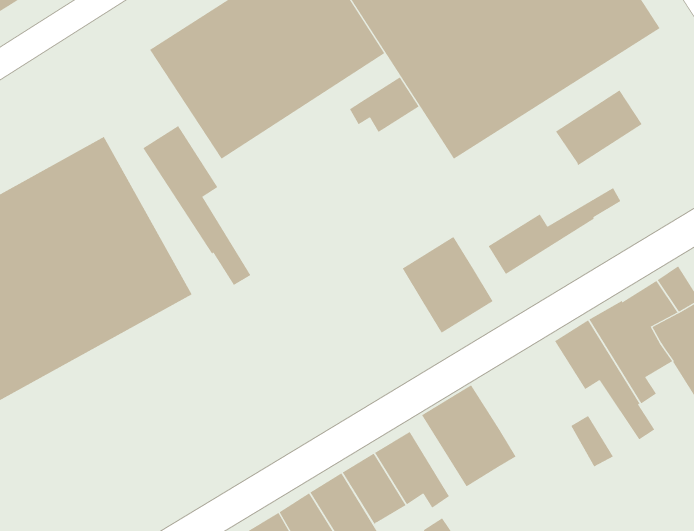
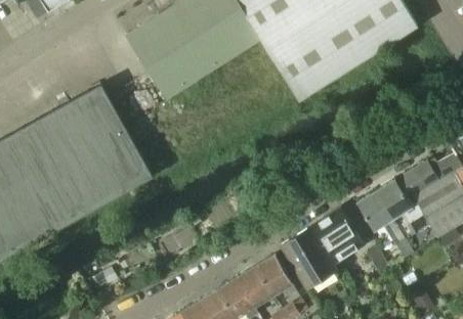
building: [349,76,420,133] -> none
building: [555,90,642,166] -> none
building: [142,125,251,286] -> none
building: [488,187,621,275] -> none
building: [402,236,494,333] -> [311,207,364,262]

